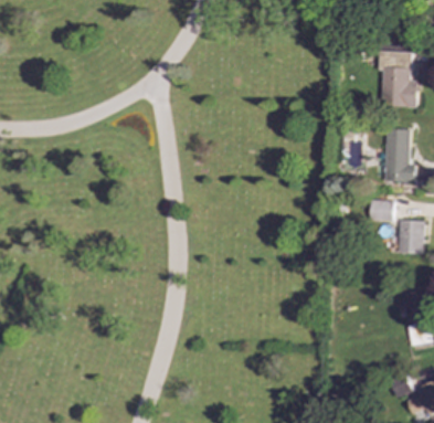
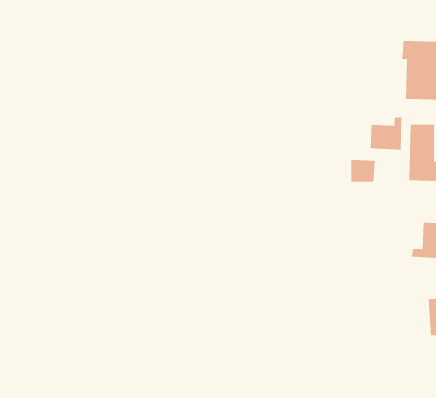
building: none -> [370,117,402,150]
building: [370,200,393,221] -> [350,159,375,182]

